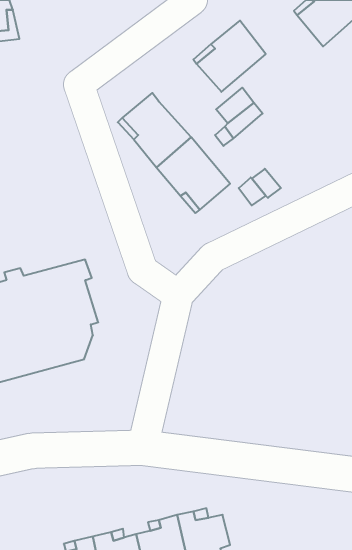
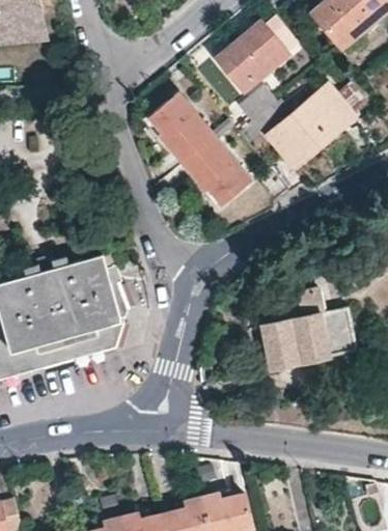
building: none -> [268,83,355,166]
building: none -> [259,288,357,367]

